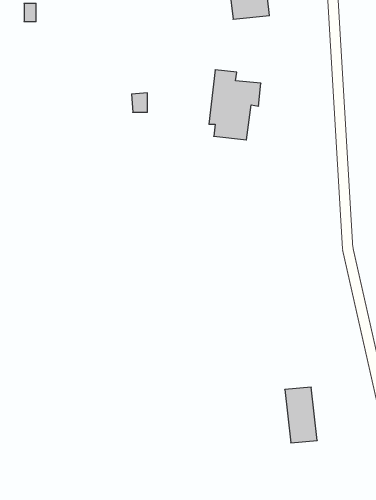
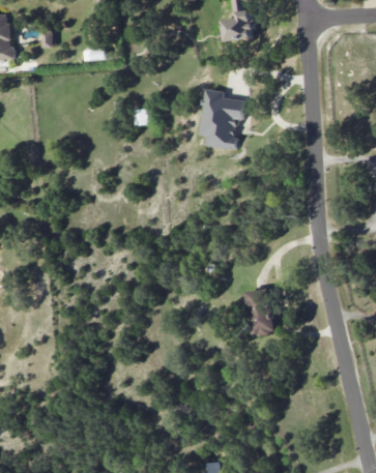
building: [285,387,317,443] -> [244,289,272,336]

